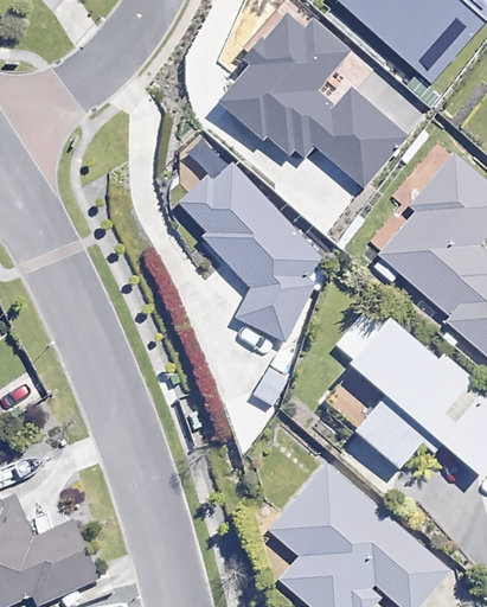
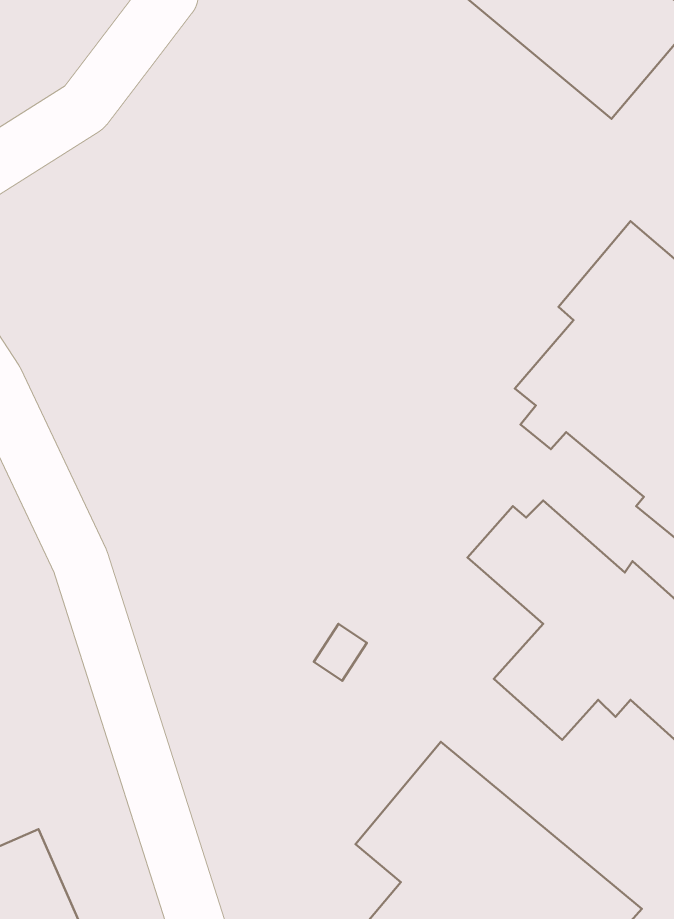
building: [222,15,411,186] -> none
building: [177,161,325,344] -> none

